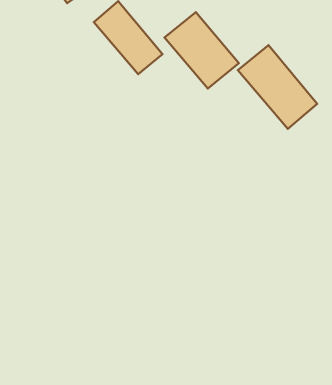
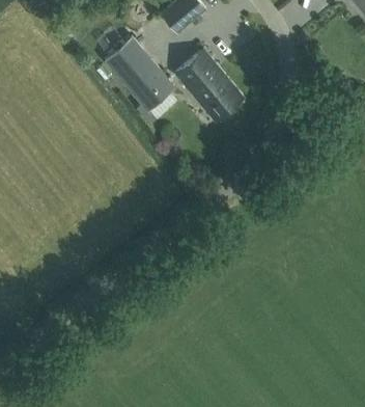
building: [238,45,317,129] -> none

